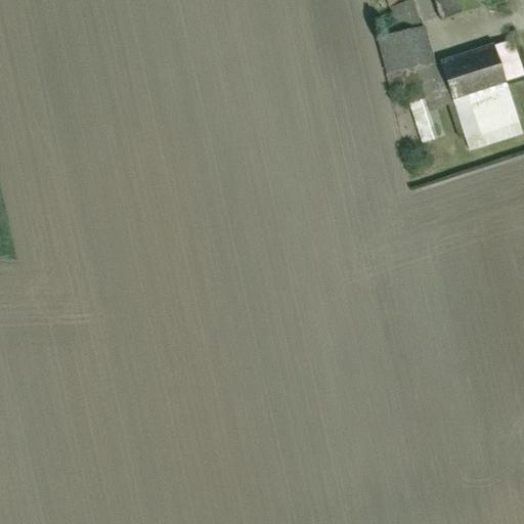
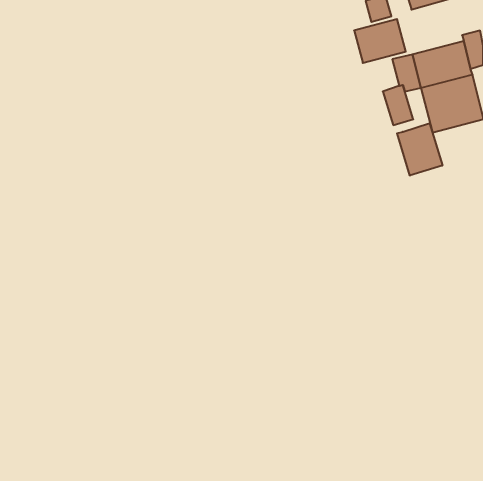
building: none -> [397,123,442,176]

